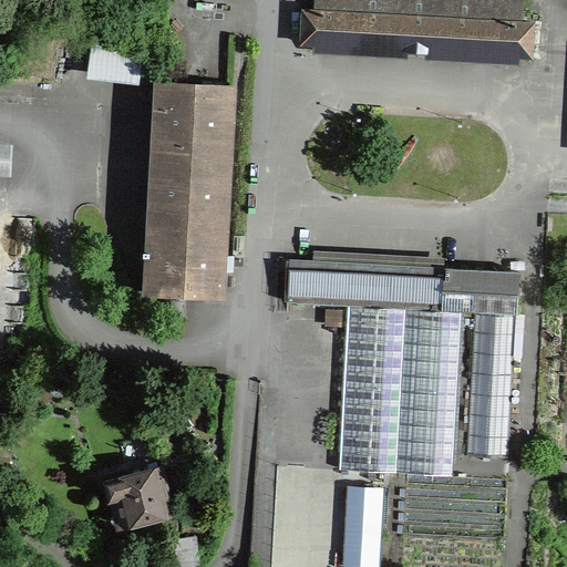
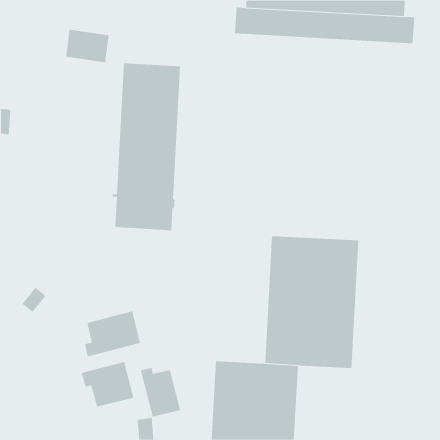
building: [287,258,519,457] -> none
building: none -> [85,311,141,357]
building: none -> [140,367,181,418]

